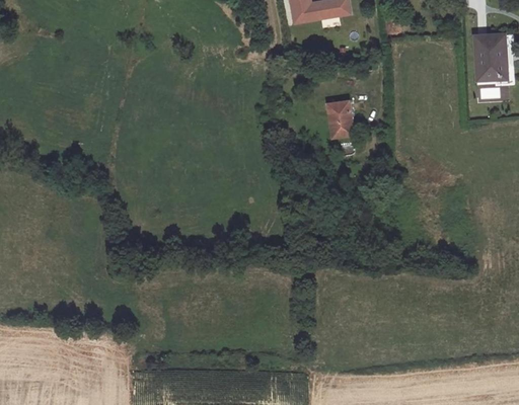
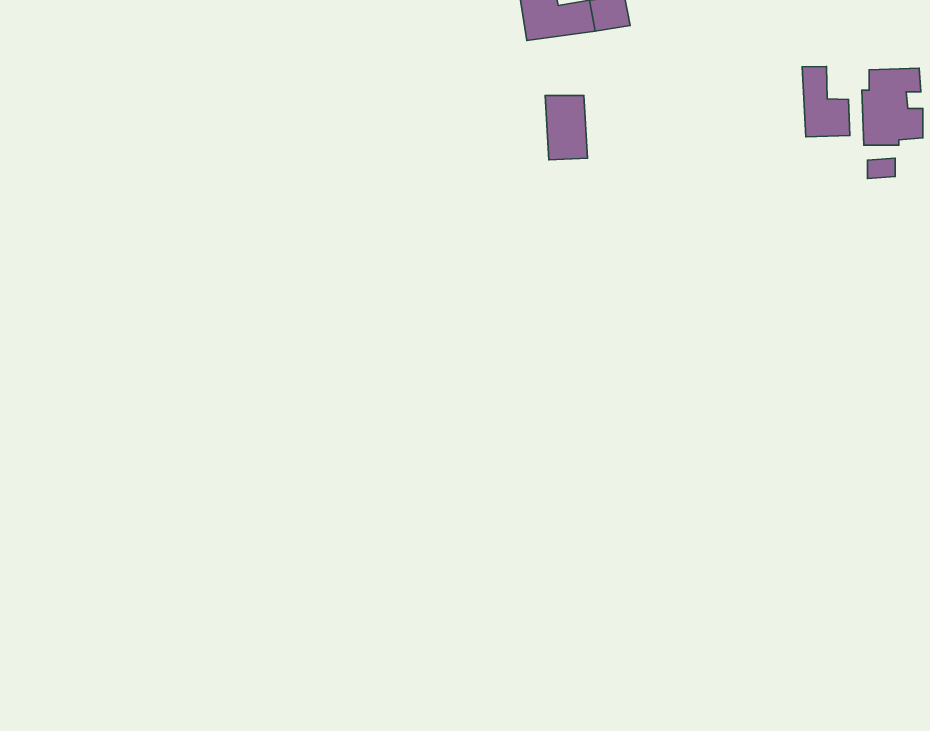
building: none -> [802,66,850,137]
building: [329,97,353,133] -> [545,95,588,160]

